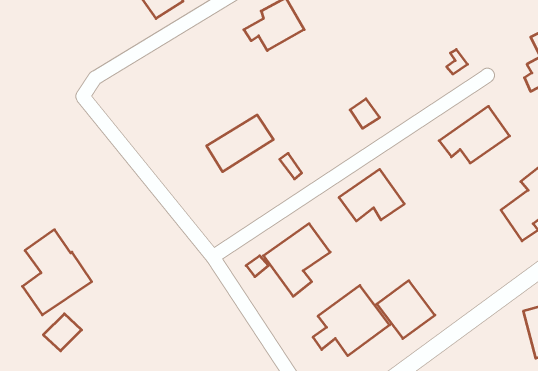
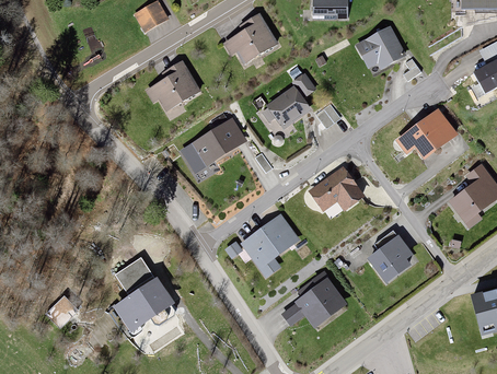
building: none -> [355,26,406,70]
building: none -> [146,61,199,108]
building: none -> [263,74,317,130]
building: [22,230,92,315] -> [113,255,174,330]
building: [377,281,435,339] -> [368,230,419,281]

